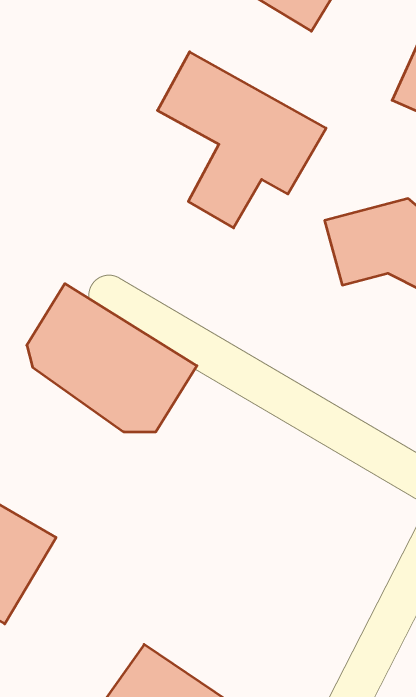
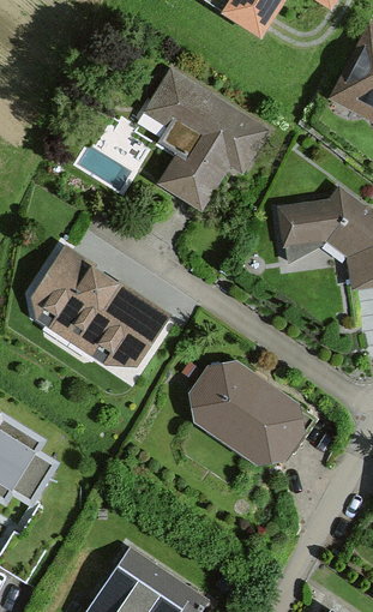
building: none -> [192,362,307,463]

